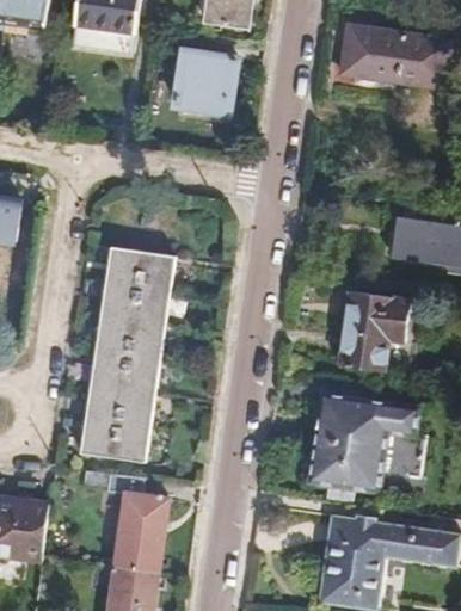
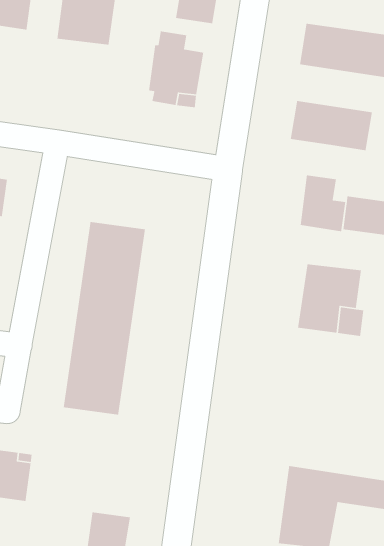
building: none -> [290,100,373,151]
building: none -> [300,174,346,232]
building: [309,390,416,490] -> none
building: [103,474,165,573] -> none

